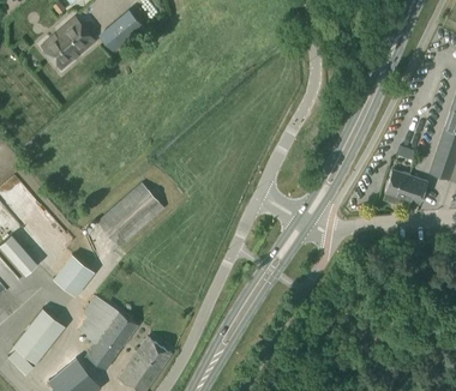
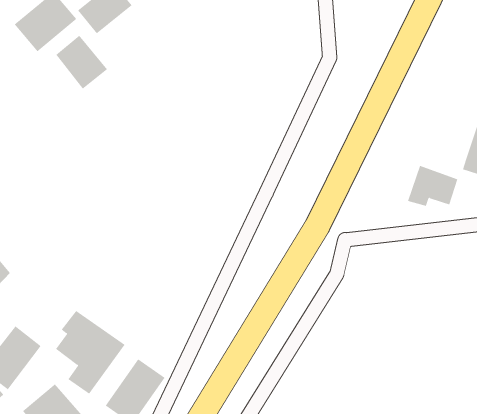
building: none -> [56,35,108,89]
building: [96,182,164,247] -> none
building: [49,254,90,296] -> none

